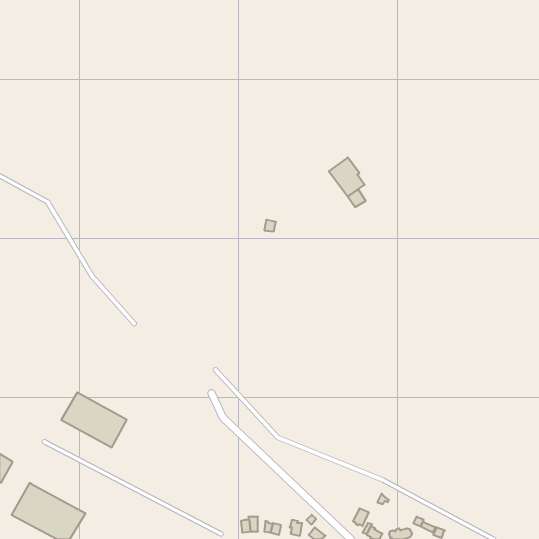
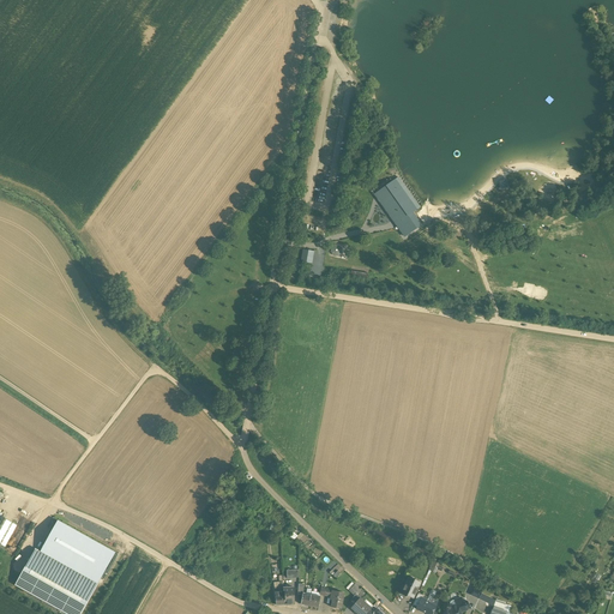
building: [61,392,127,447] -> [40,520,114,583]

